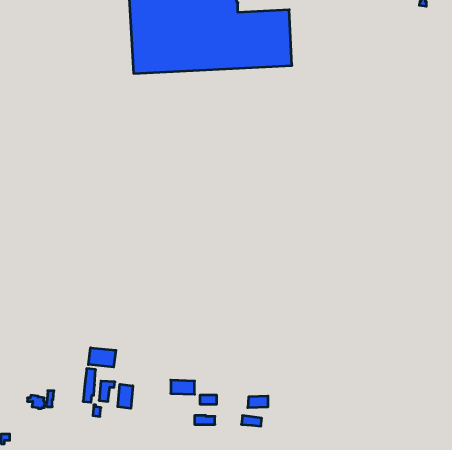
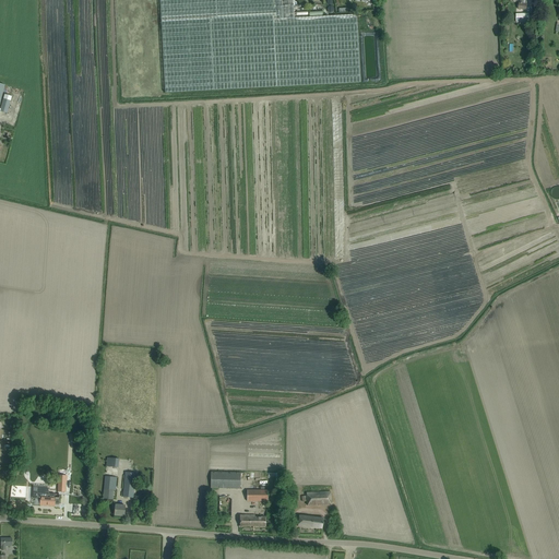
building: [88,348,116,367] -> none
building: [118,384,133,408] -> none

